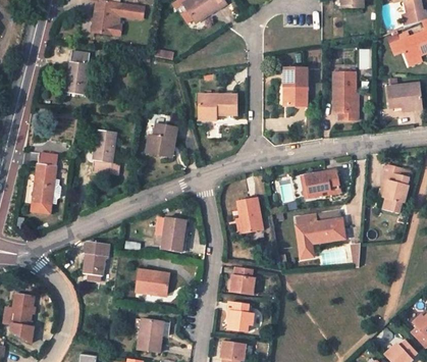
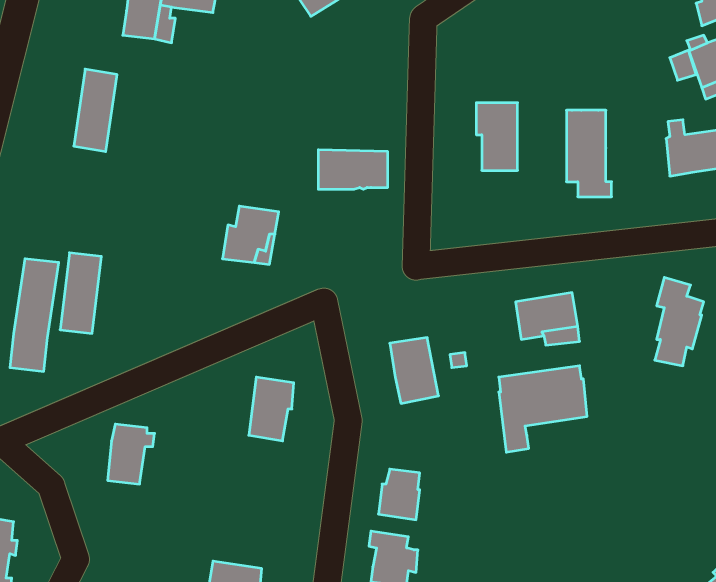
building: [93,130,115,173] -> [60,253,101,333]
building: [136,267,168,293] -> none

